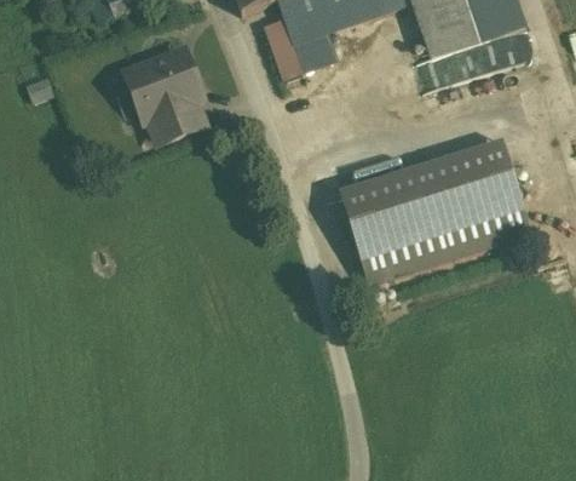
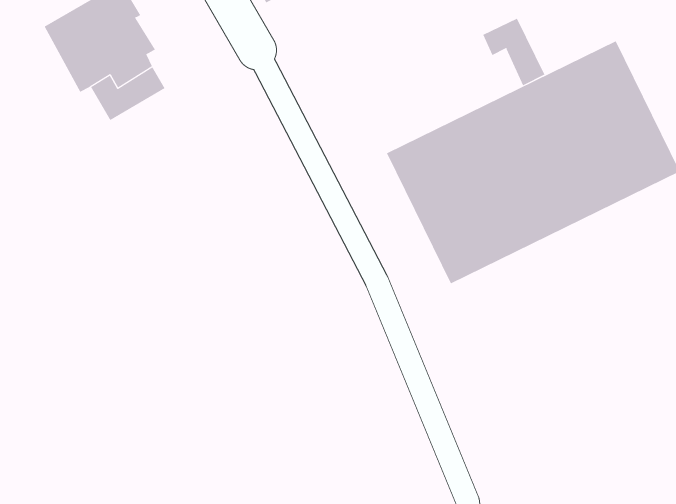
building: none -> [482,18,545,86]

